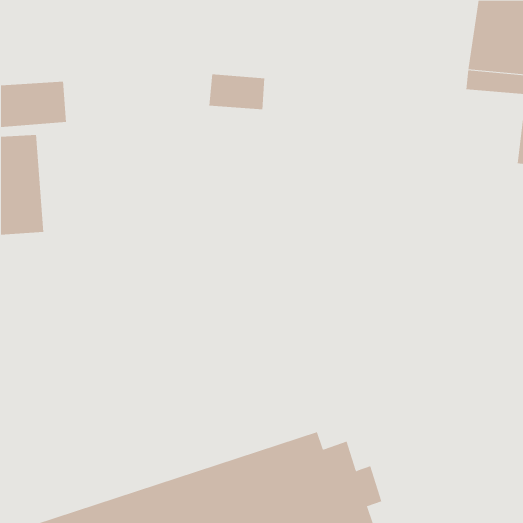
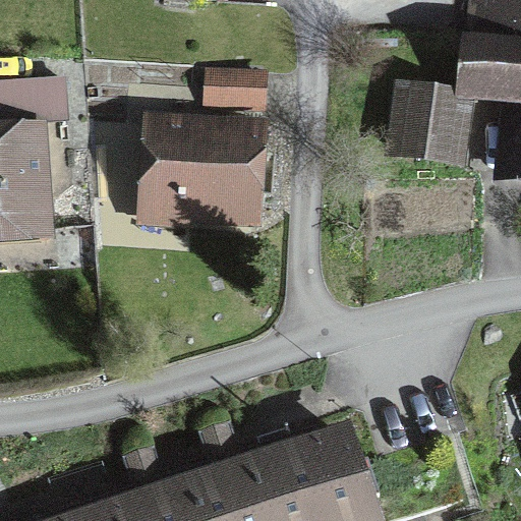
building: none -> [397,94,466,163]
building: none -> [148,127,262,221]

